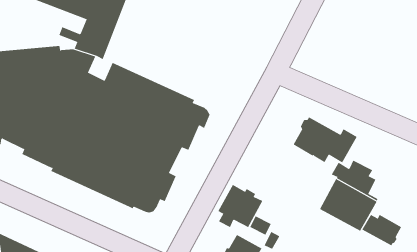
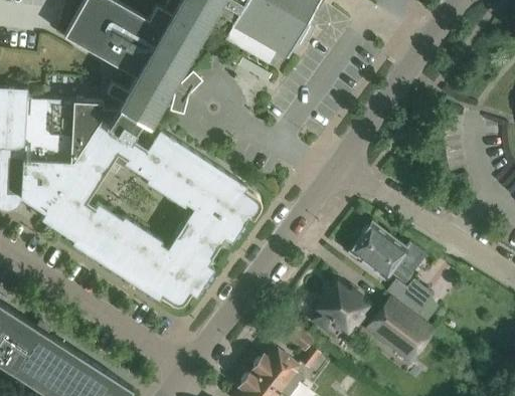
building: [218,184,263,228] -> [314,281,368,334]
building: [362,214,402,246] -> none

